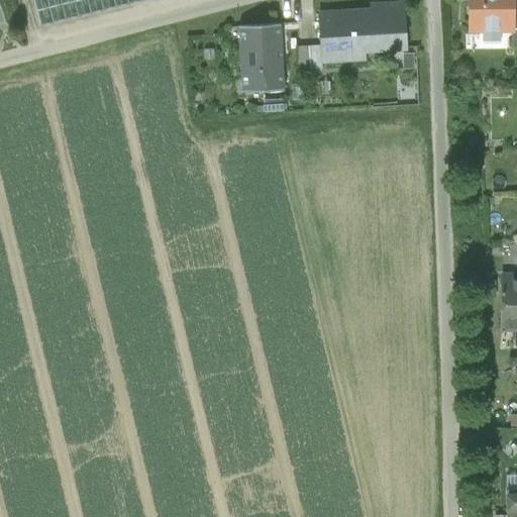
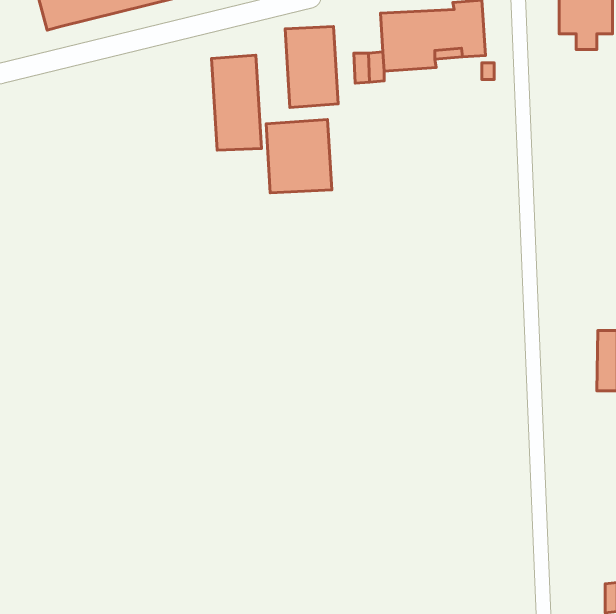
building: none -> [212,55,262,150]
building: none -> [266,119,332,193]

